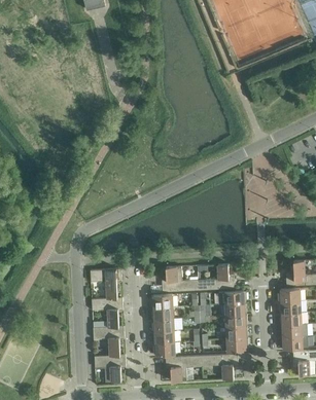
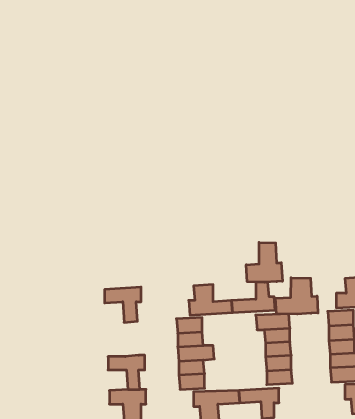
building: none -> [246,242,282,282]
building: none -> [276,278,318,314]
building: [91,297,122,327] -> none

